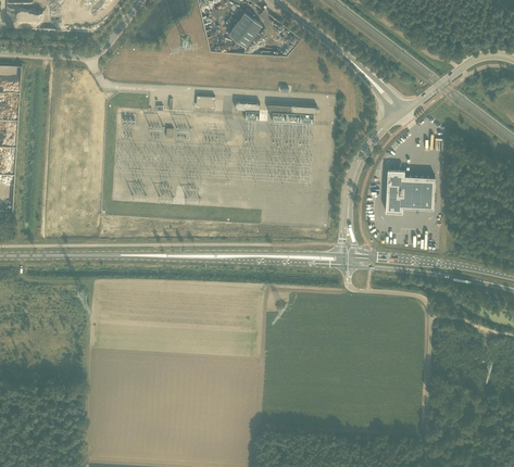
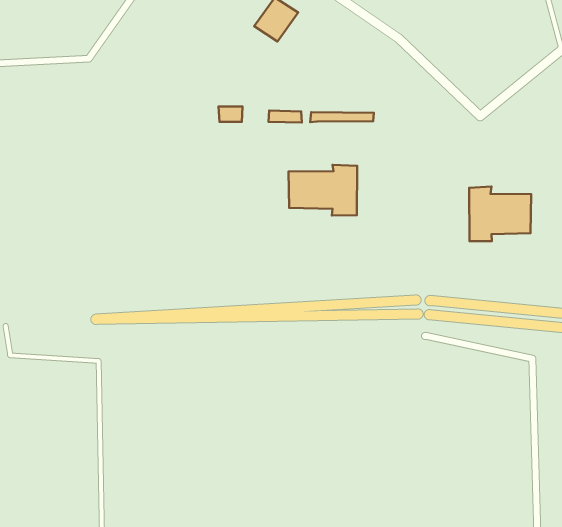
building: none -> [288,165,357,215]

